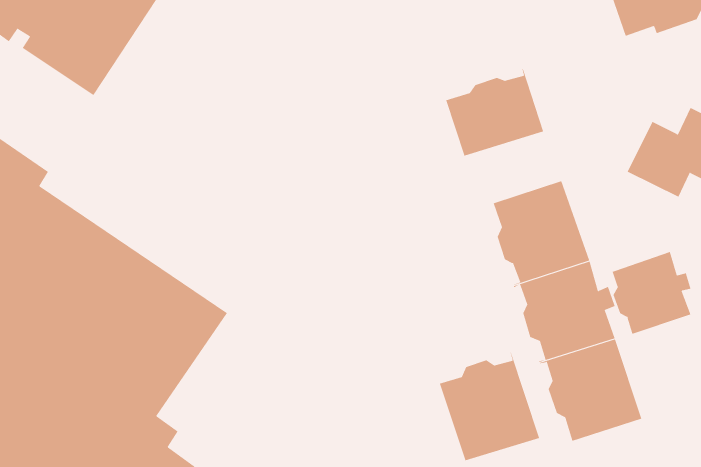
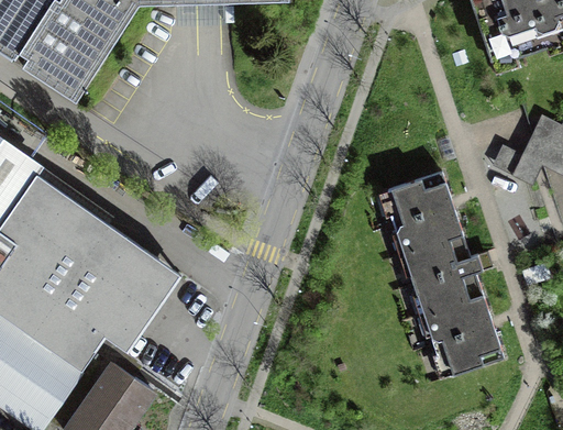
building: [446,68,544,156] -> none
building: [607,251,691,337] -> none
building: [439,351,540,461] -> none

